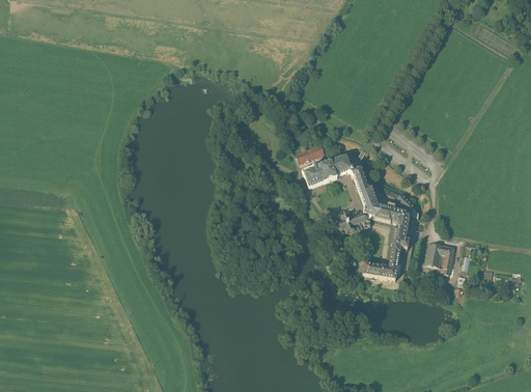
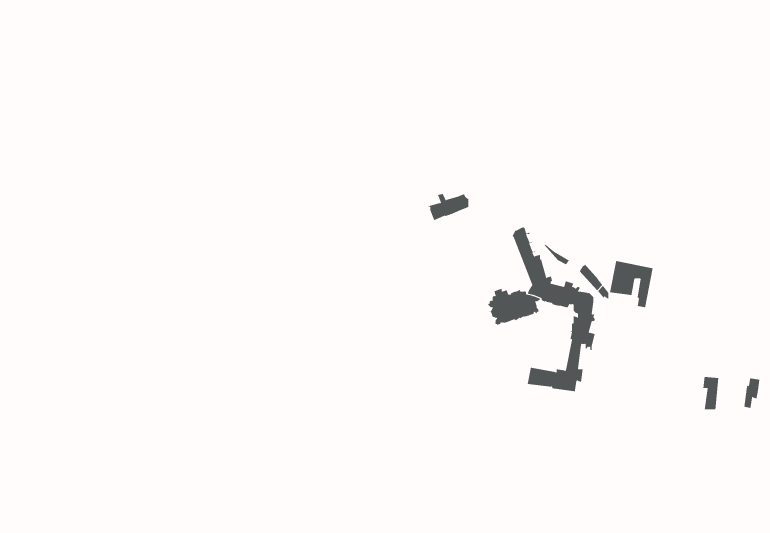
building: [301,156,350,187] -> none
building: [423,243,453,275] -> [609,261,654,308]

